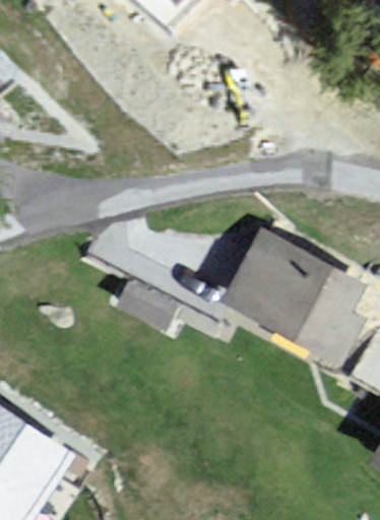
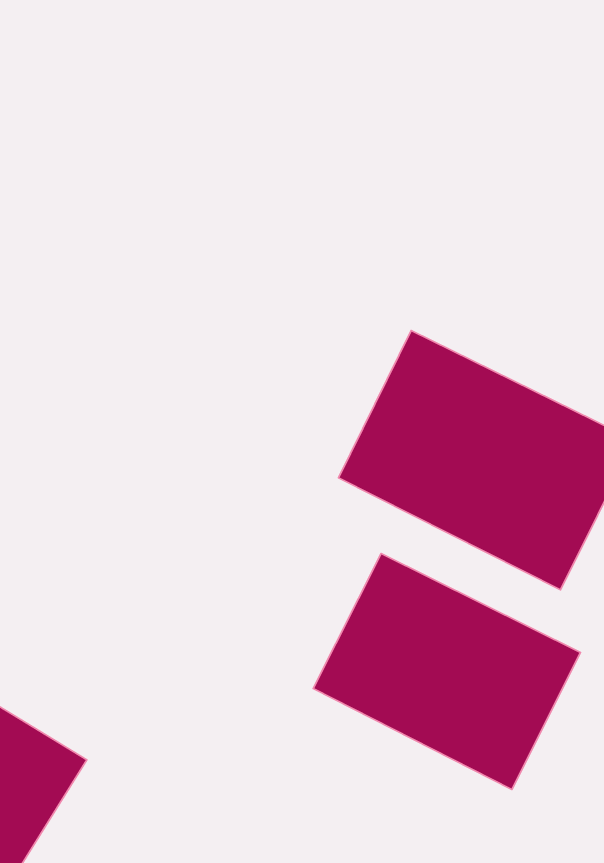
building: none -> [313,554,580,790]

